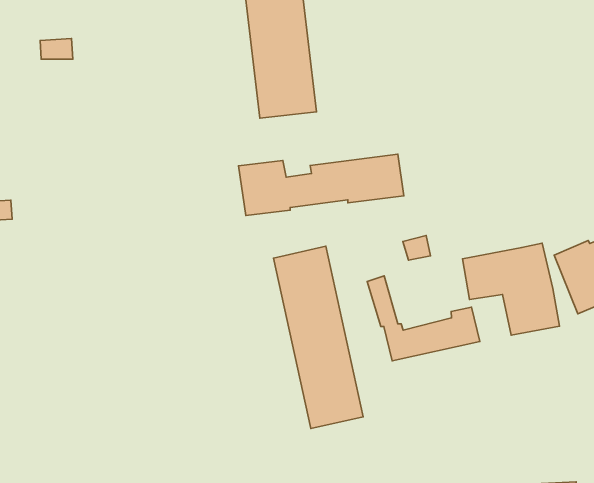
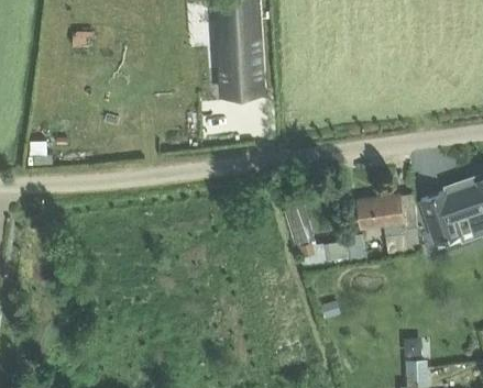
building: [239,154,404,215] -> none
building: [274,246,363,429] -> none

